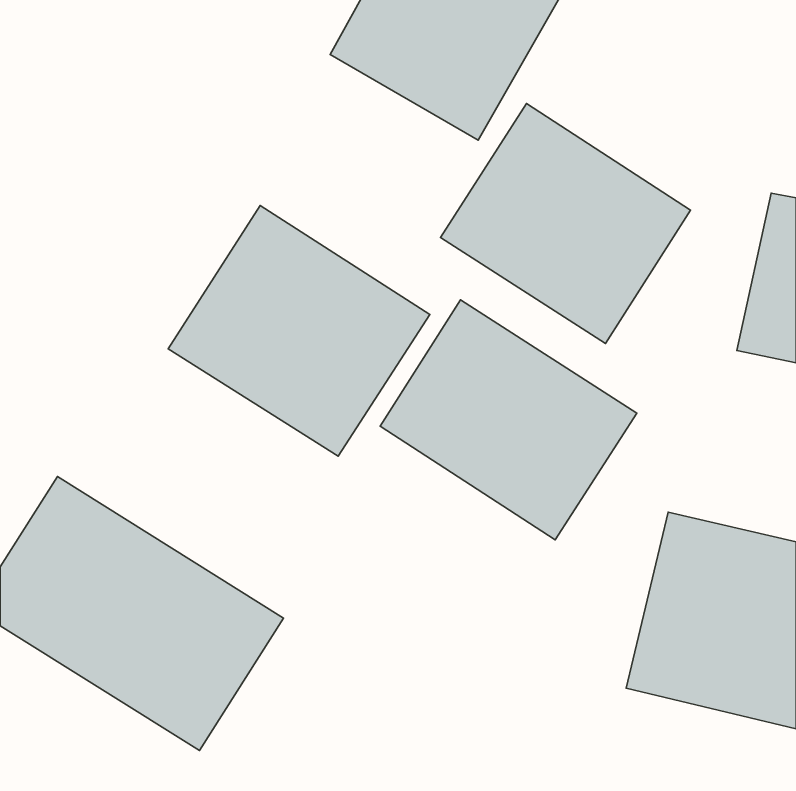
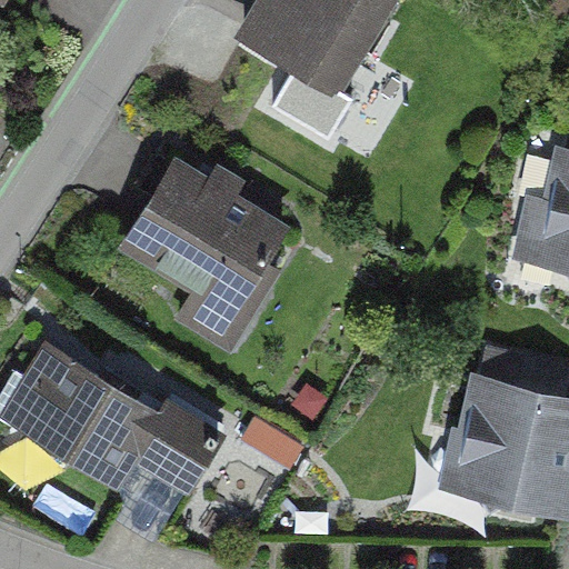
building: [440,104,690,344] -> none
building: [380,300,637,540] -> none

